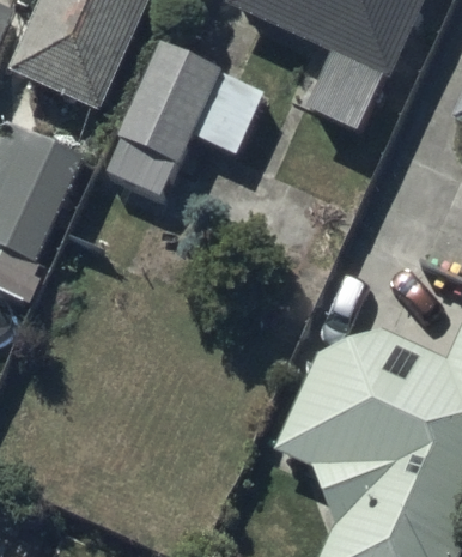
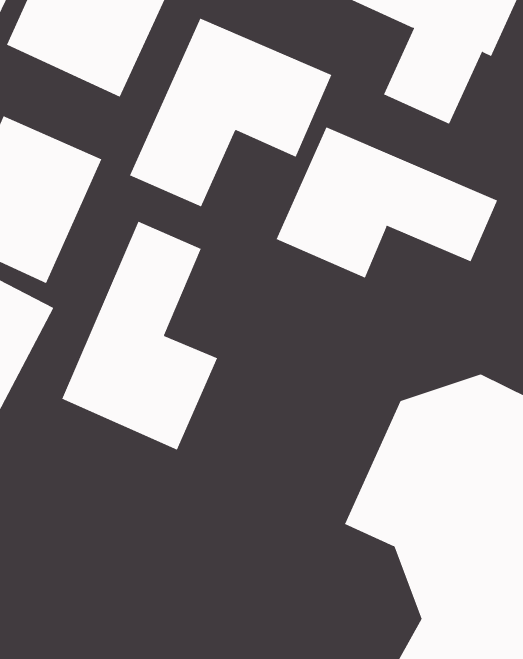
building: none -> [276,126,498,279]
building: none -> [62,221,218,451]

